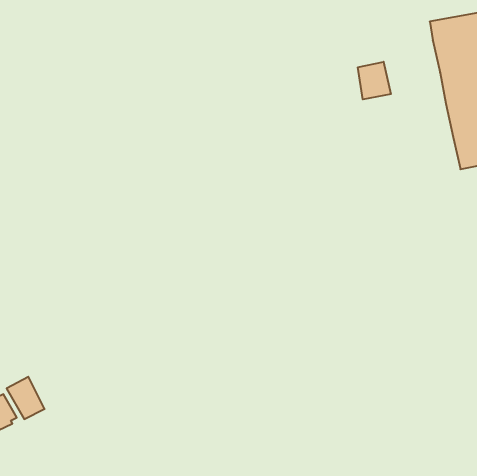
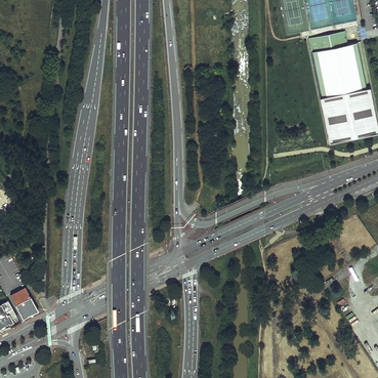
building: [358,62,391,99] -> none

